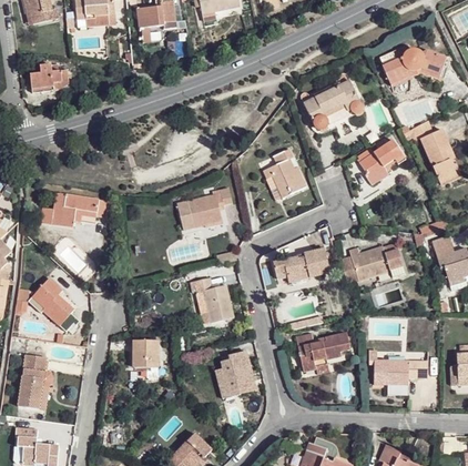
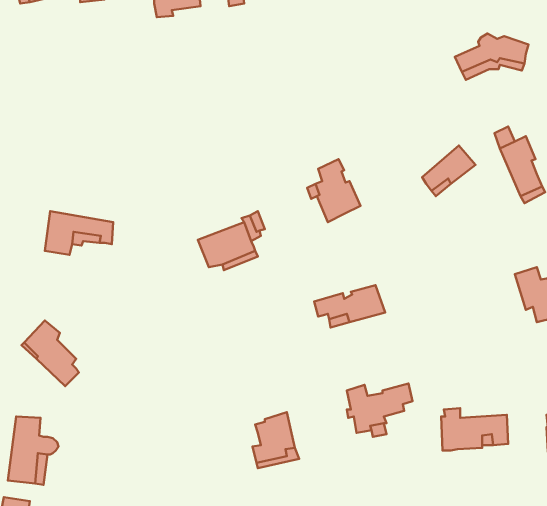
building: [26,60,65,91] -> none
building: [303,79,366,131] -> none
building: [349,243,406,278] -> none
building: [193,277,232,321] -> none
building: [135,340,159,367] -> none

